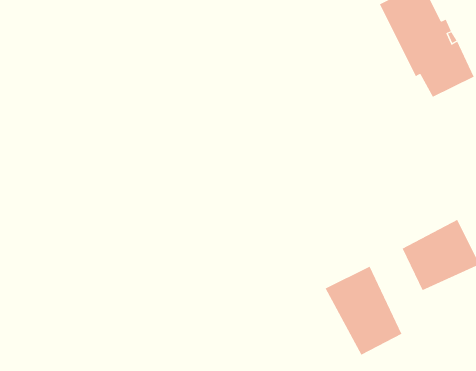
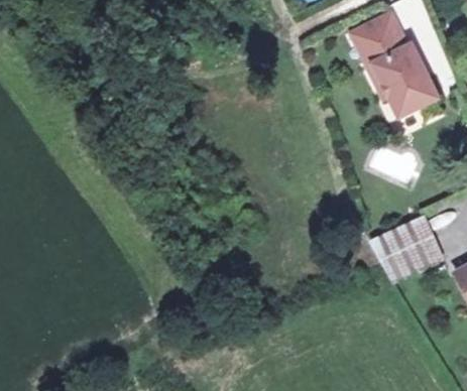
building: [325,266,402,355] -> none

